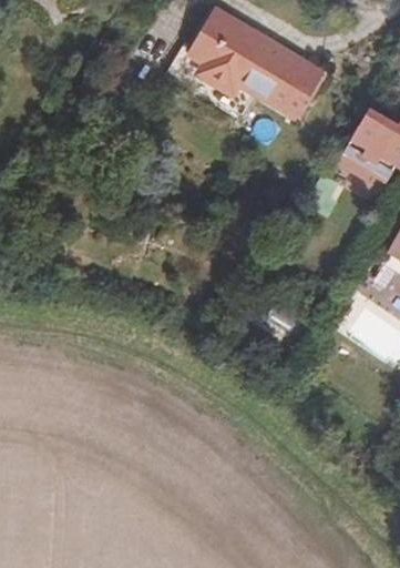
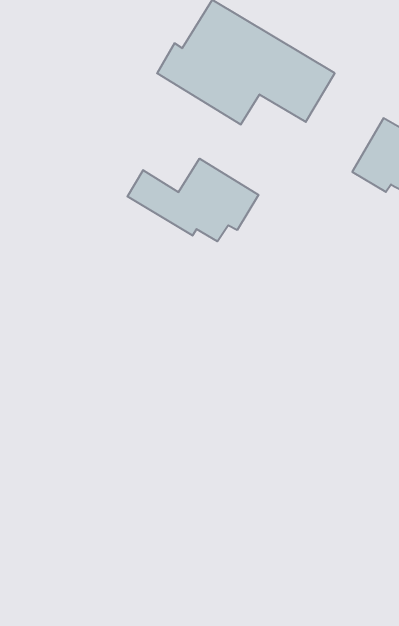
building: none -> [127,159,258,241]

